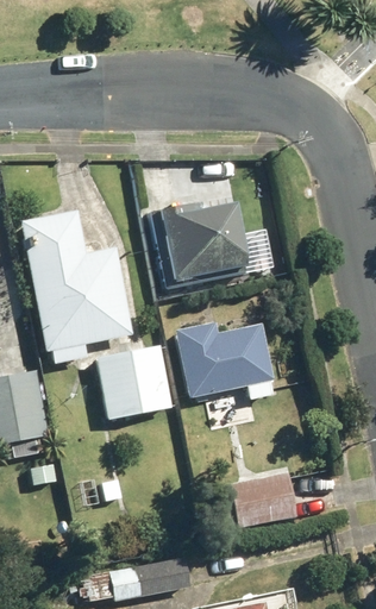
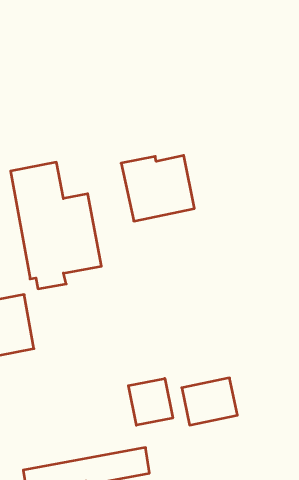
building: [175,322,276,398] -> none
building: [96,343,174,419] -> none
building: none -> [128,378,173,425]

